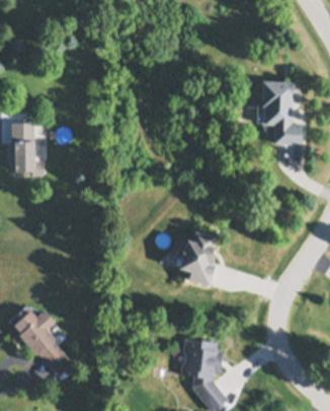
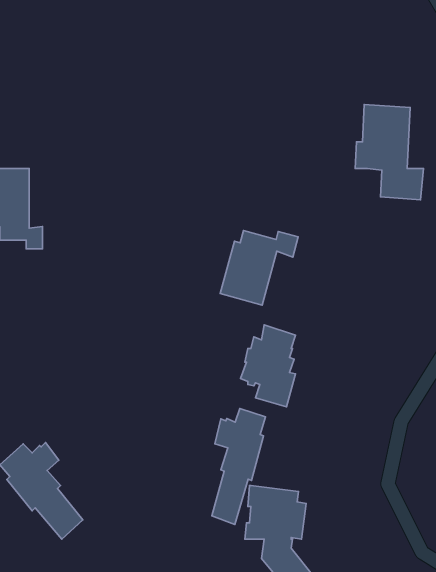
building: none -> [220,231,298,305]
building: none -> [212,408,266,524]

